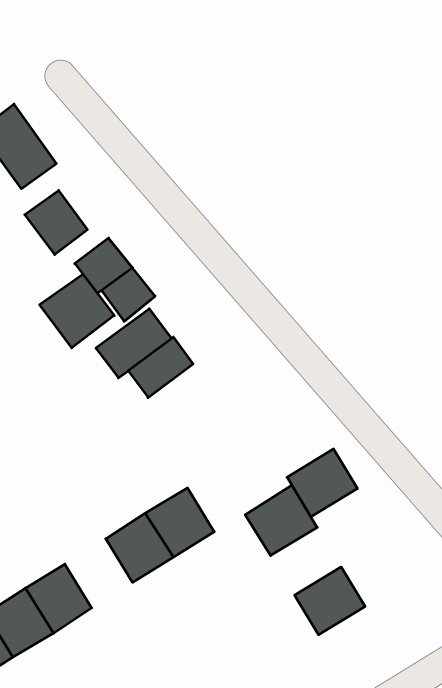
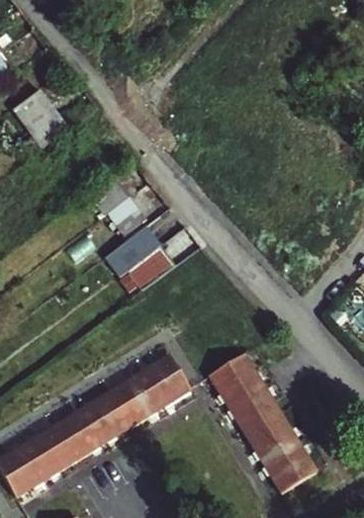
building: [25,190,87,255] -> none
building: [40,274,114,348] -> none
building: [287,449,357,517] -> [230,384,280,433]
building: none -> [82,393,130,442]
building: none -> [264,441,315,491]

